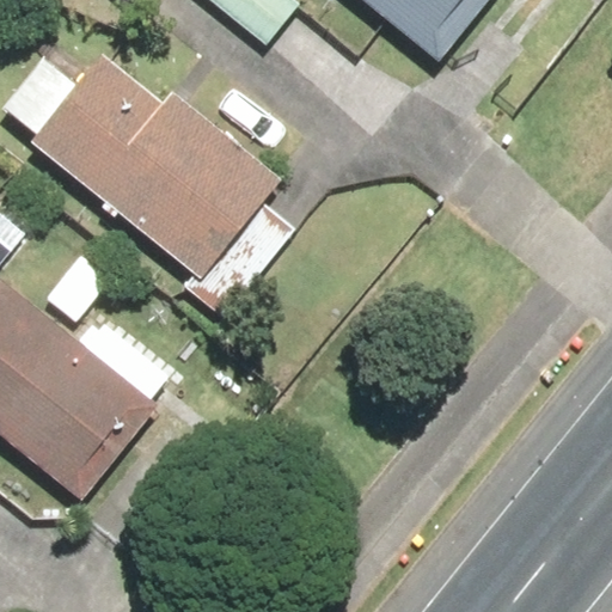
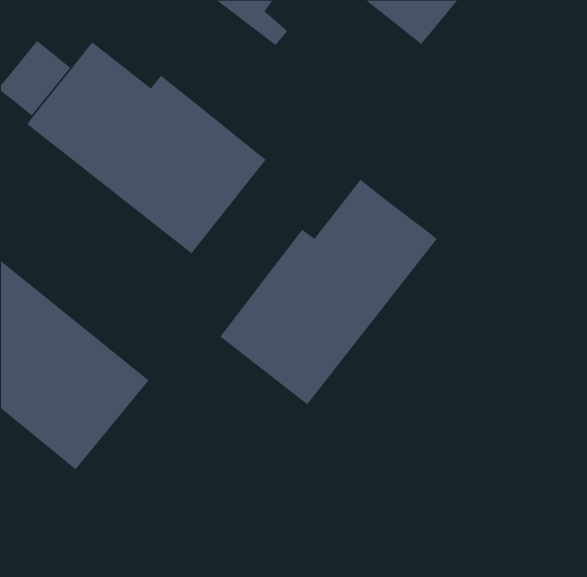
building: none -> [219,179,438,405]

